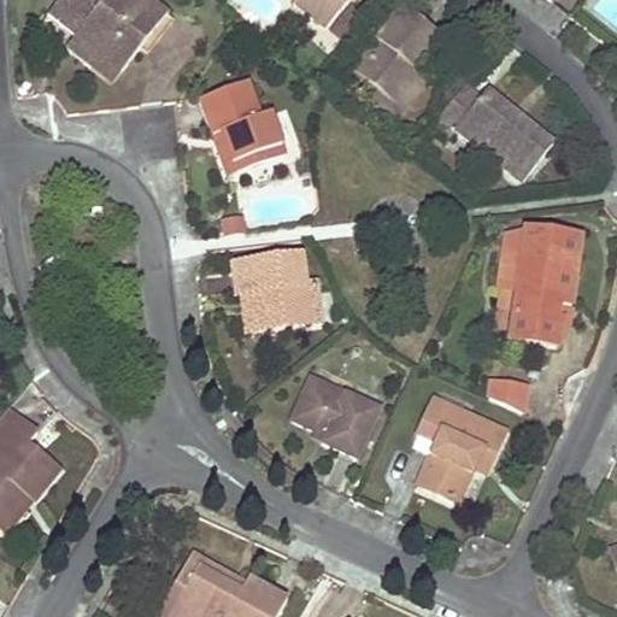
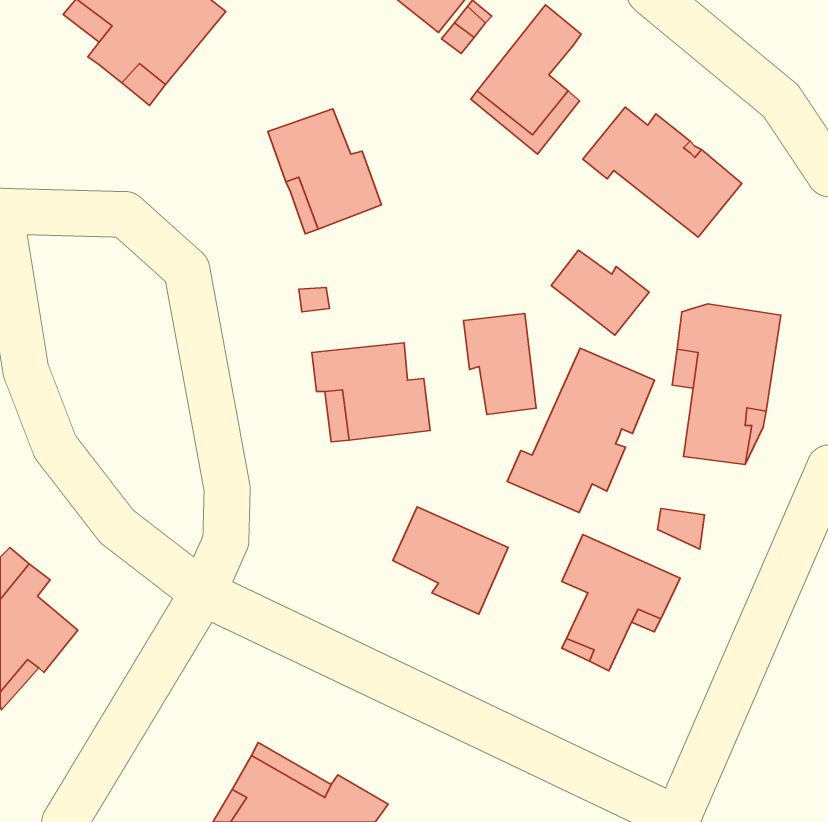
building: none -> [551,250,649,335]
building: none -> [464,314,536,414]
building: none -> [507,348,654,513]

